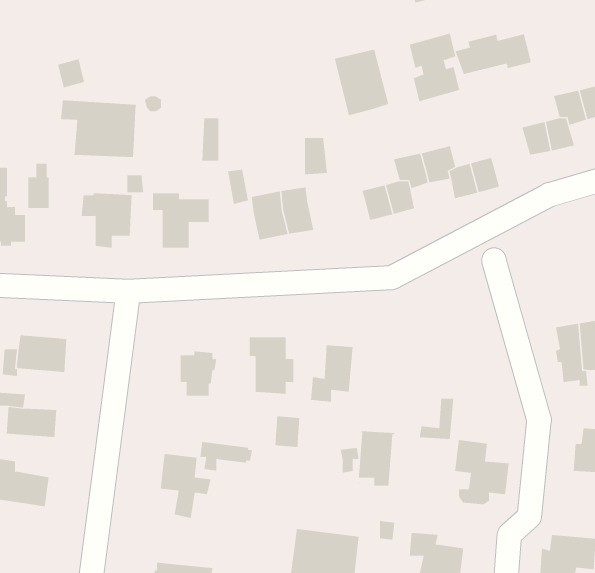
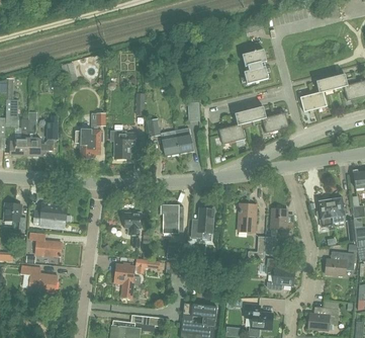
building: [455,33,532,75] -> none
building: [334,49,389,116] -> none
building: [60,100,136,158] -> none
building: none -> [271,207,293,237]
building: [358,431,395,486] -> [238,202,257,231]

